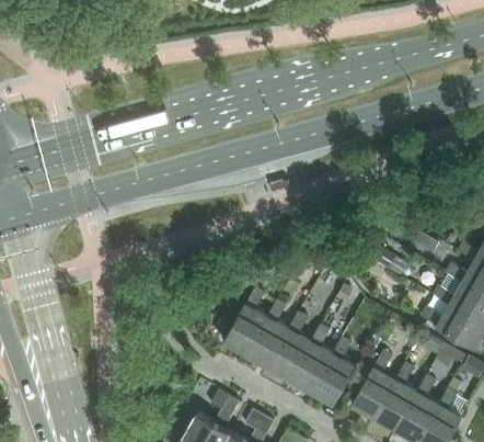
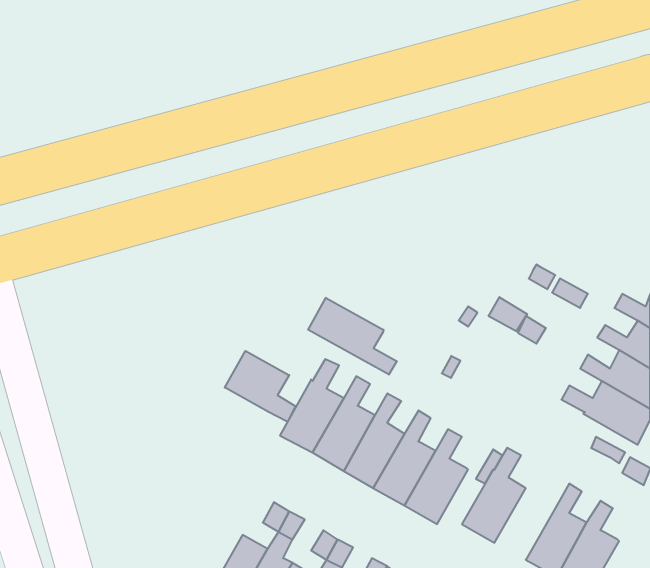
building: none -> [308,298,397,375]
building: none -> [225,351,296,422]
building: [373,364,417,431] -> none

